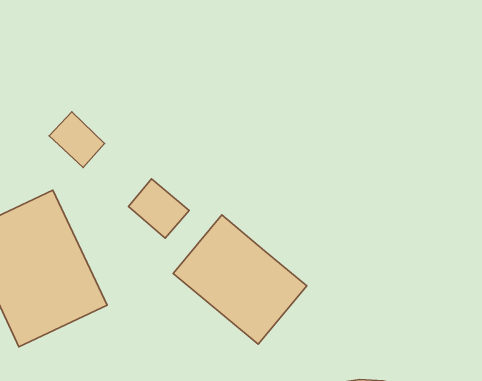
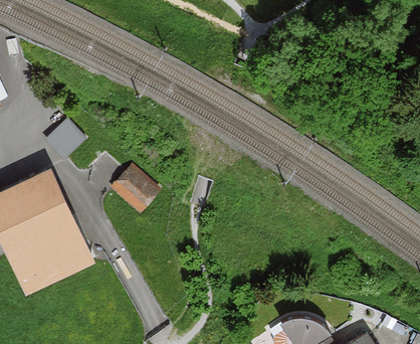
building: [173,215,307,344] -> none

